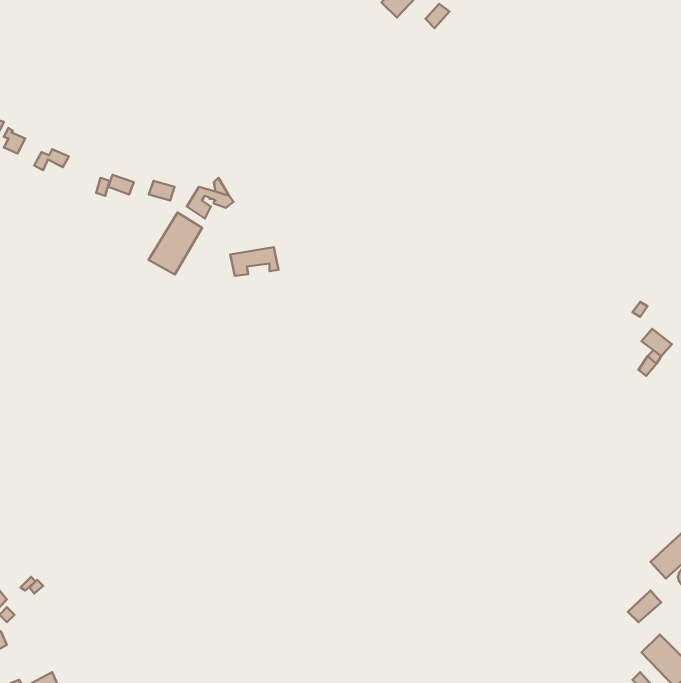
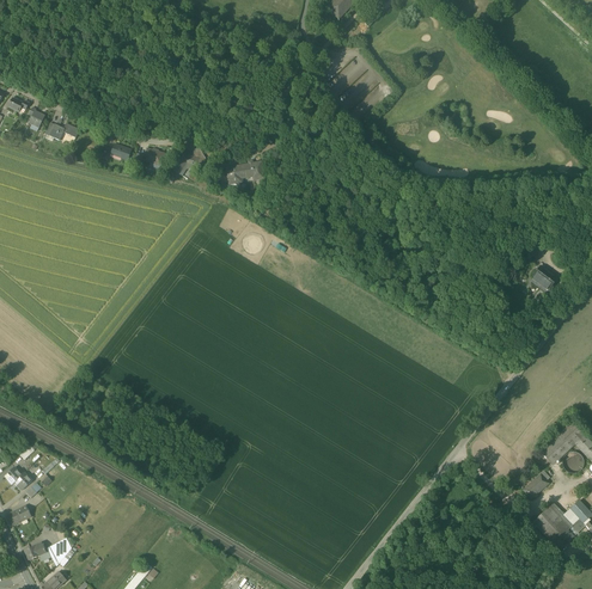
building: [148,213,202,275] -> none
building: [230,247,278,276] -> [226,160,264,183]

